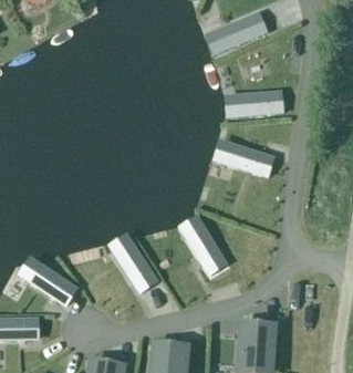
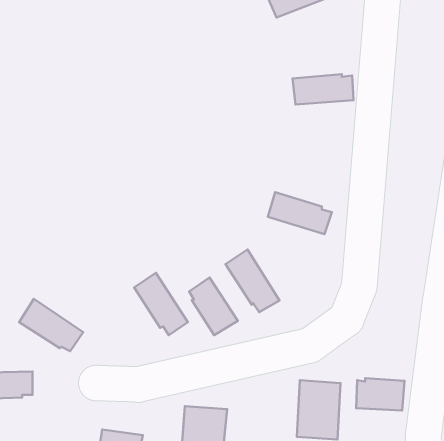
building: [226,143,274,175] -> [268,192,332,234]
building: none -> [189,277,238,335]
building: none -> [356,378,405,410]

